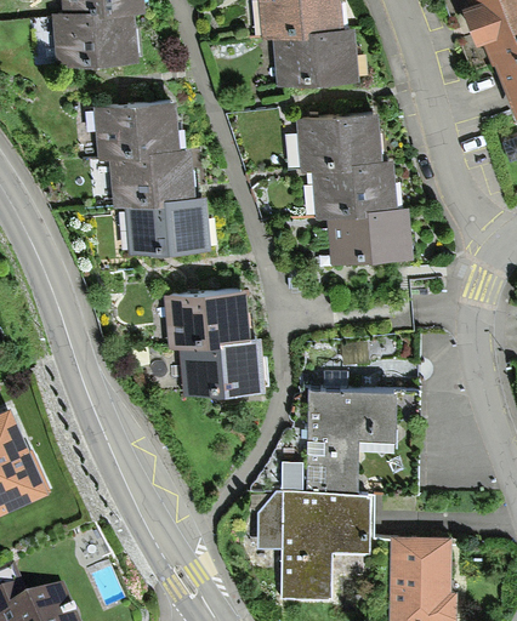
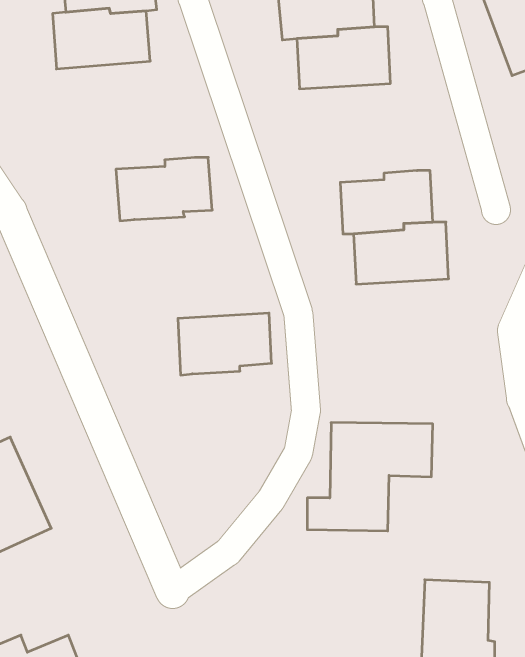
building: [95,102,181,160] -> none
building: [297,114,385,171] -> none
building: [125,196,210,253] -> none
building: [178,337,267,394] -> none
building: [261,490,371,602] -> none

